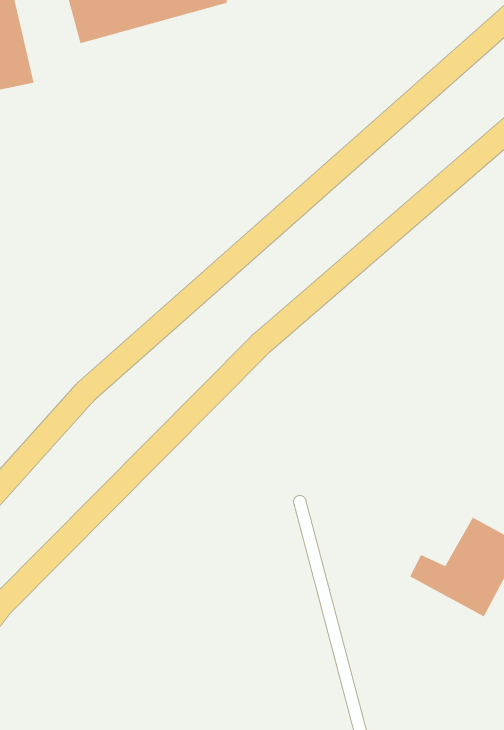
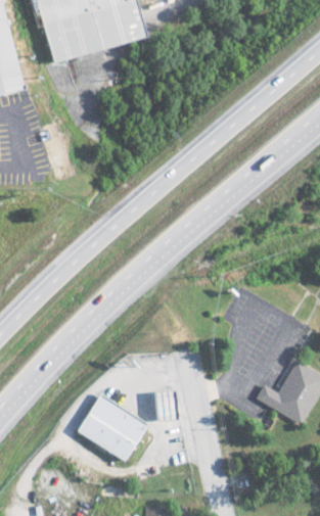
building: none -> [77,394,148,461]

